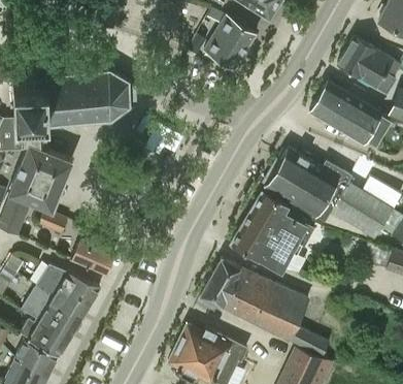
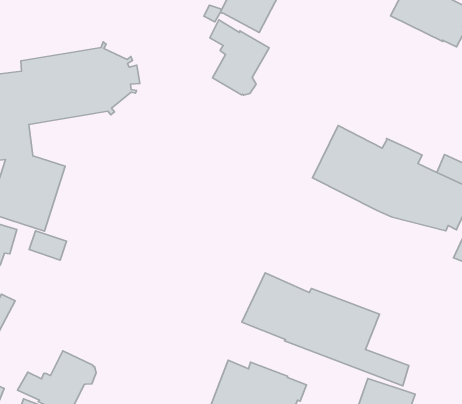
building: none -> [210,20,269,95]
building: [309,83,380,145] -> none
building: [231,192,314,268] -> none
building: [71,232,115,276] -> none
building: [22,266,100,324] -> none

